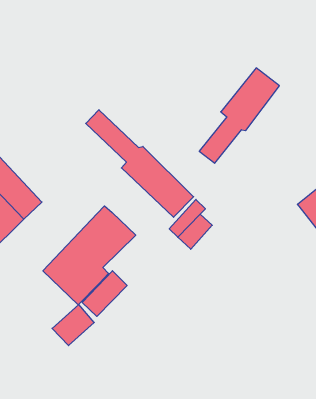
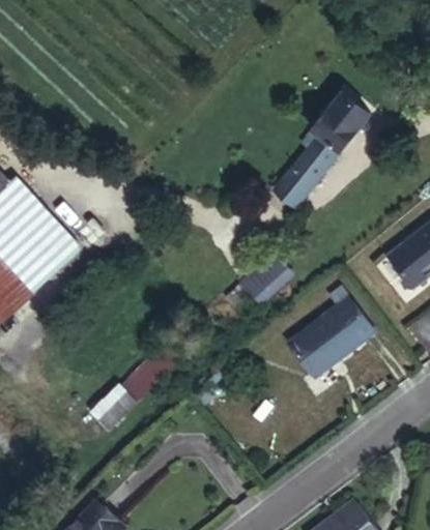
building: [86,110,194,217] -> none
building: [43,206,136,305] -> none
building: none -> [291,296,378,378]

